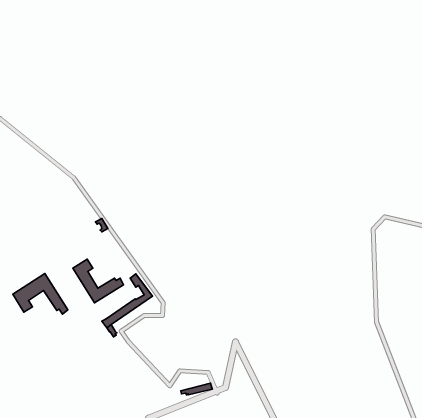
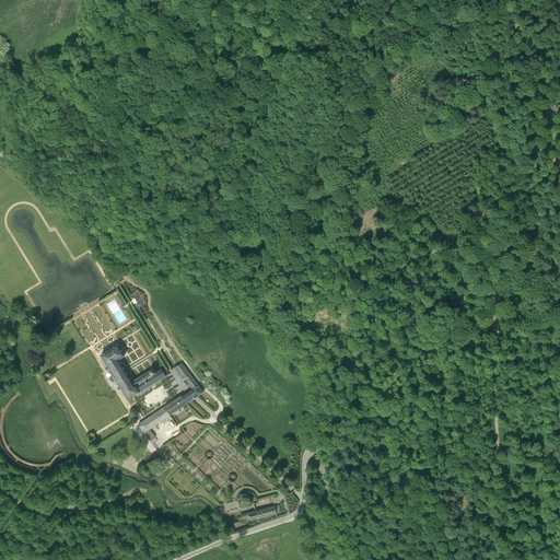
building: [13,274,68,314] -> none

